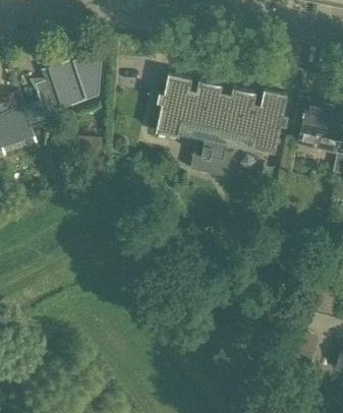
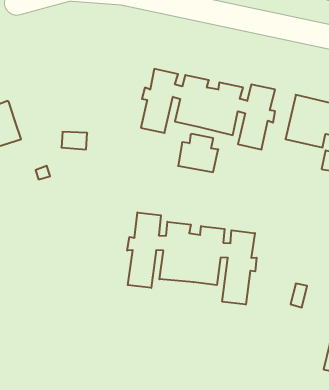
building: [25,57,102,125] -> none
building: none -> [127,212,257,305]

